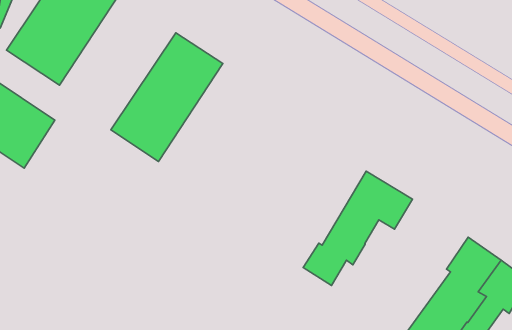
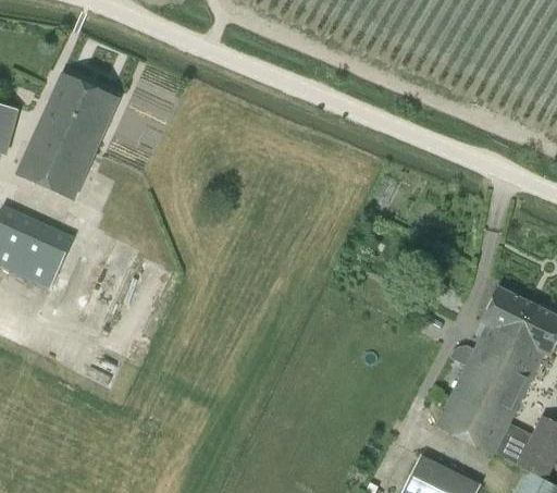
building: [111,33,223,161] -> none
building: [303,171,413,285] -> none

